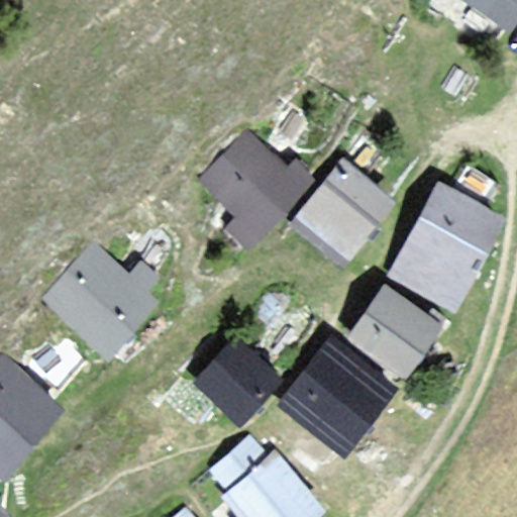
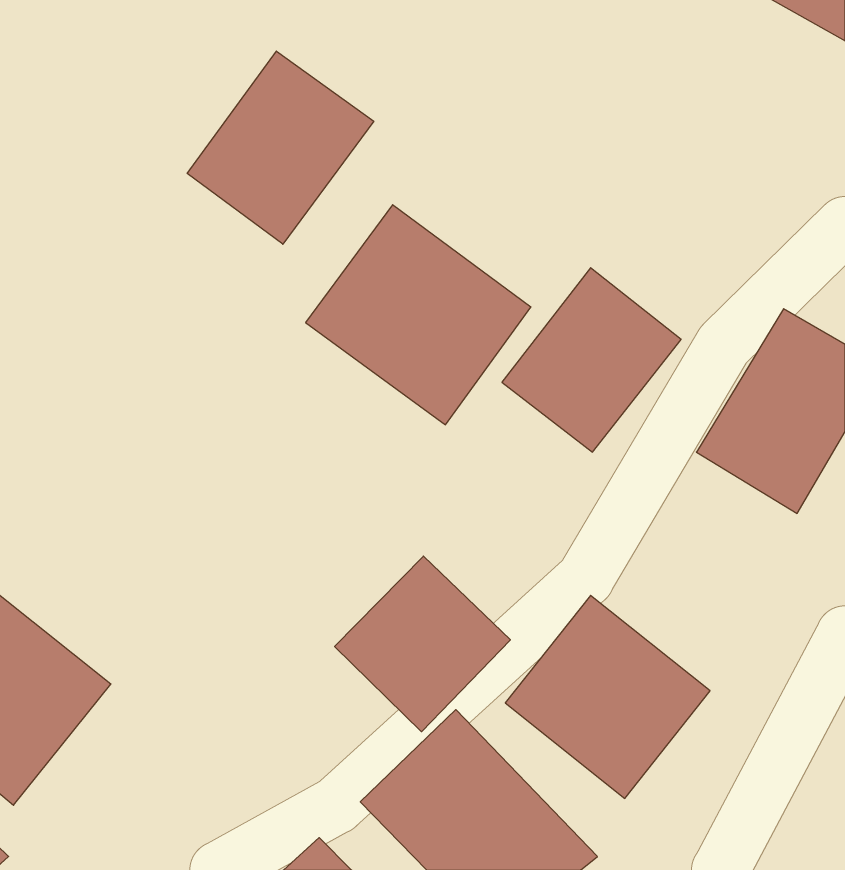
building: none -> [187,51,374,244]
building: [25,236,165,368] -> none
building: [360,279,467,381] -> none

